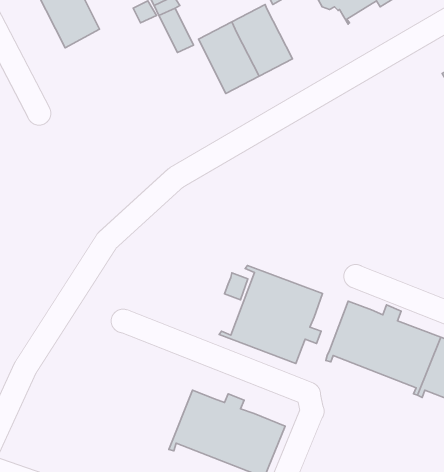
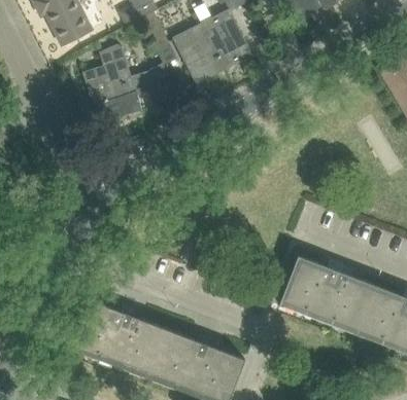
building: none -> [81,45,167,122]
building: [219,265,323,364] -> none
building: none -> [71,300,167,379]

